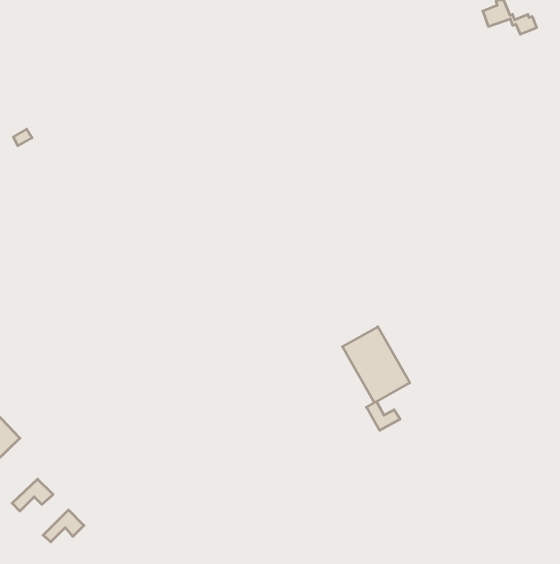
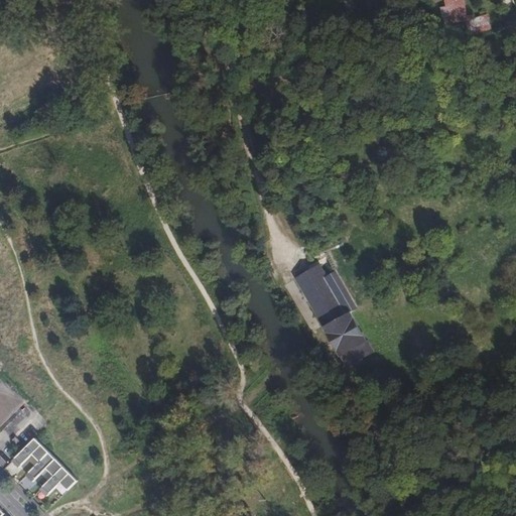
building: none -> [290,264,345,316]
building: [366,402,400,430] -> none
building: none -> [25,452,62,481]

